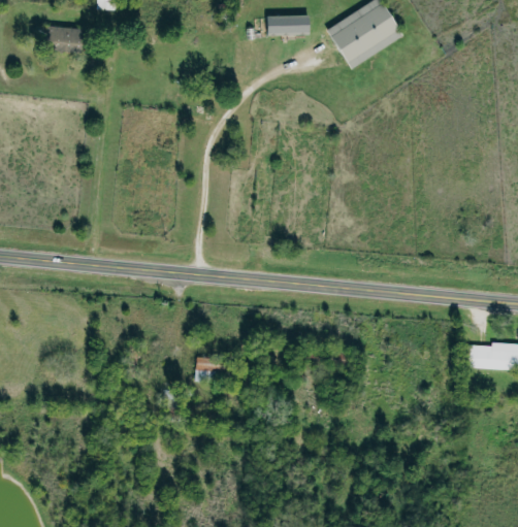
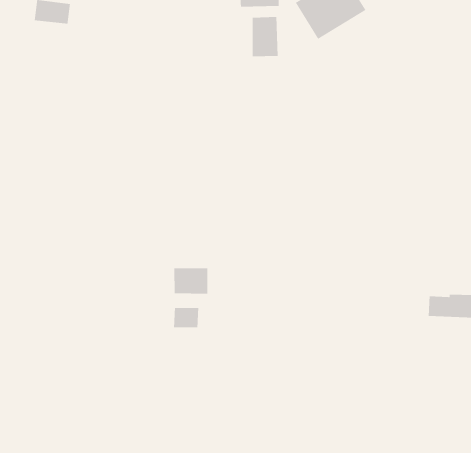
building: none -> [252,16,279,57]
building: none -> [174,268,208,295]

